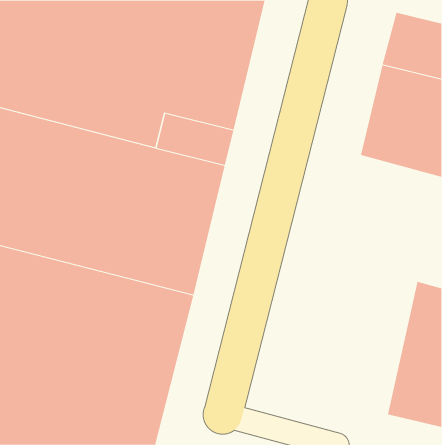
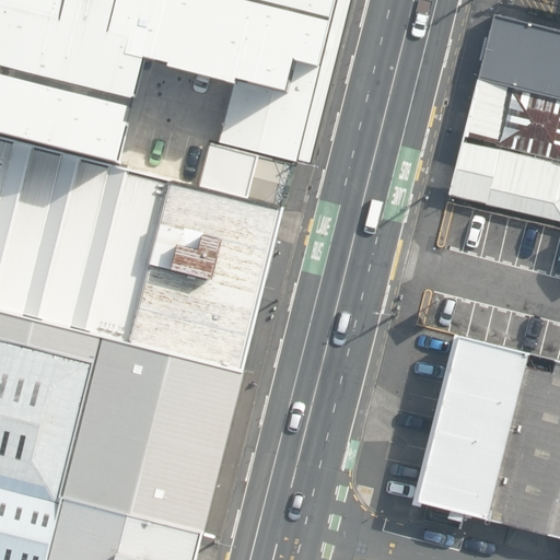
building: none -> [413,337,524,521]

